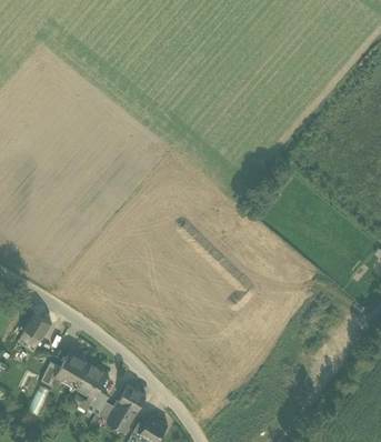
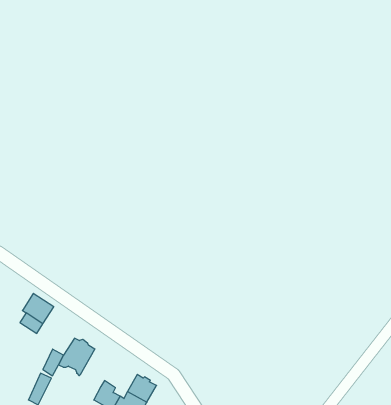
building: [76,363,108,398] -> none

